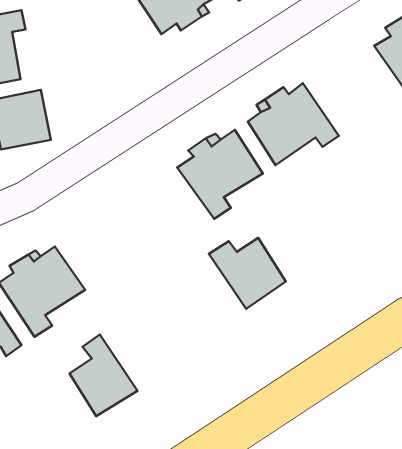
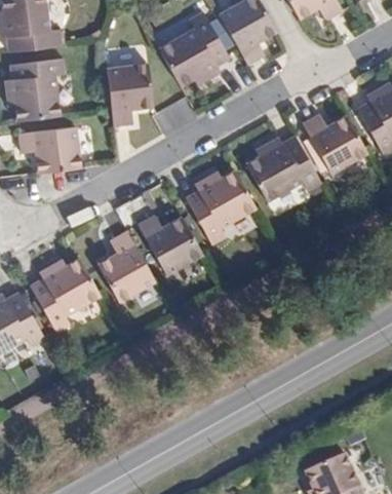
building: none -> [106,63,152,126]
building: none -> [307,120,370,180]
building: [209,238,286,309] -> [139,215,201,273]
building: [70,334,137,416] -> [99,231,154,299]

